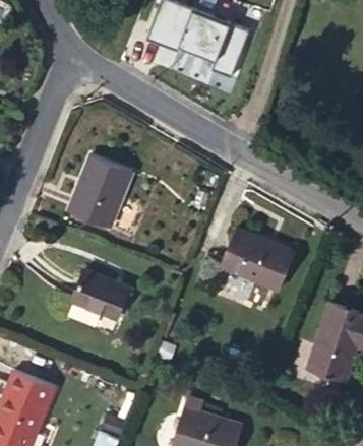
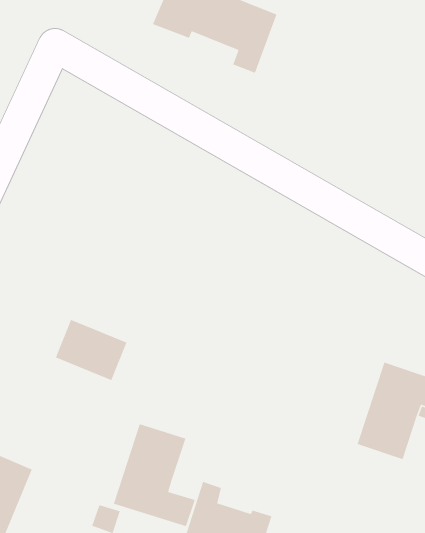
building: [67,155,131,229] -> none
building: [220,229,295,290] -> none
building: none -> [113,423,196,527]

